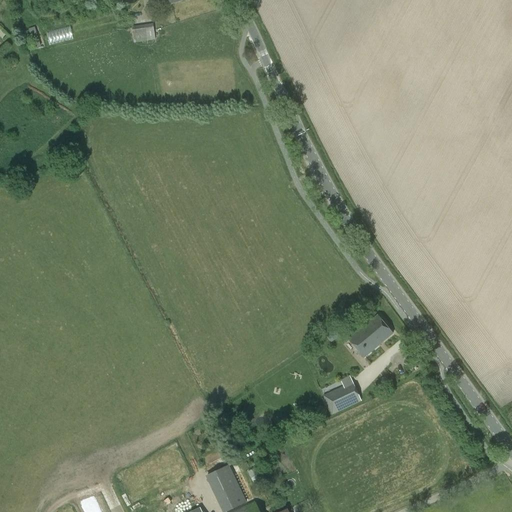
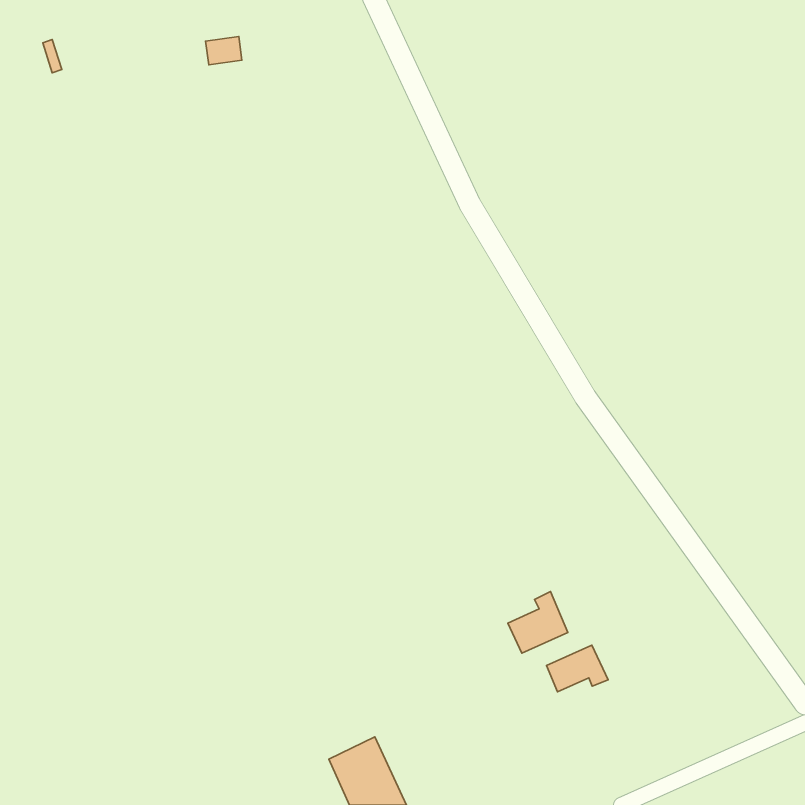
building: [346,314,391,356] -> none
building: none -> [546,645,608,692]

